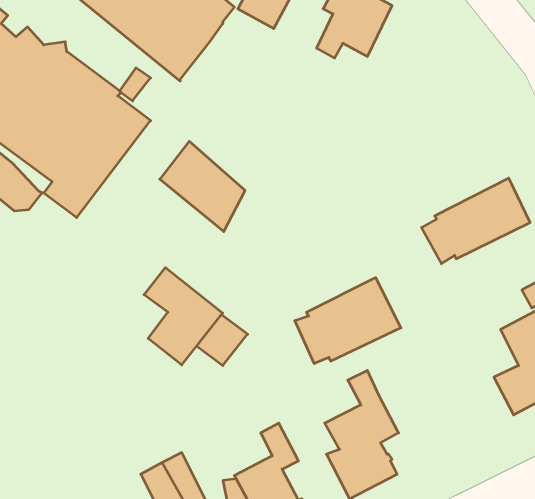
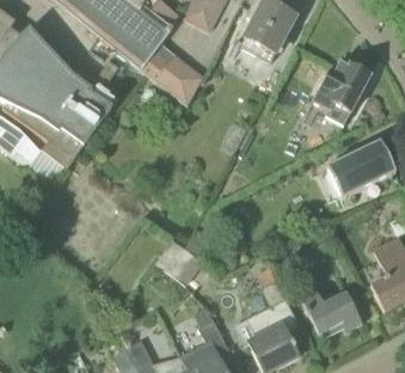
building: none -> [313,62,370,124]
building: [160,141,245,232] -> [141,39,203,105]
building: [144,268,223,365] -> none
building: [295,278,401,364] -> none
building: none -> [301,291,362,332]

